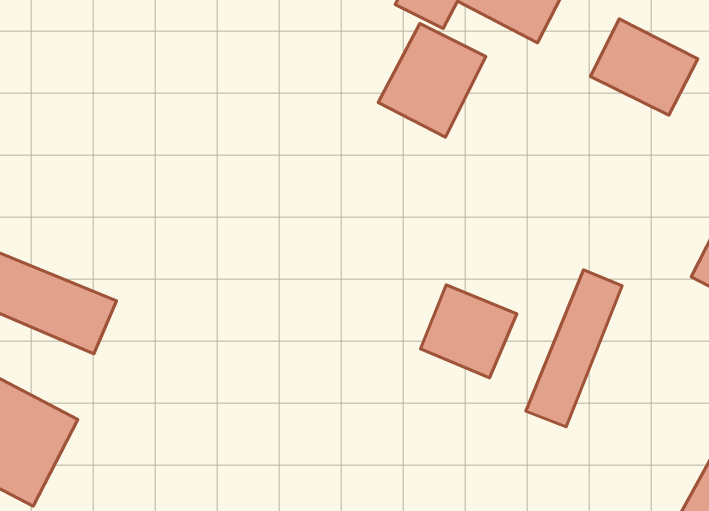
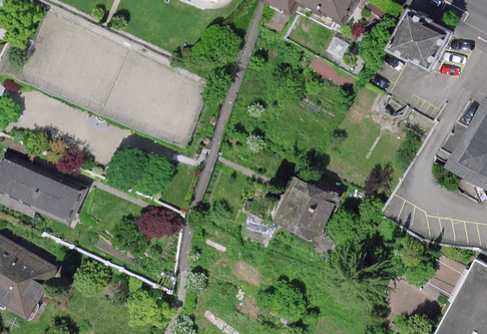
building: [378,23,486,137] -> none
building: [526,270,622,427] -> none

